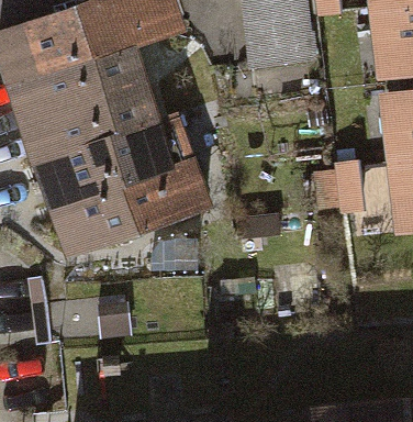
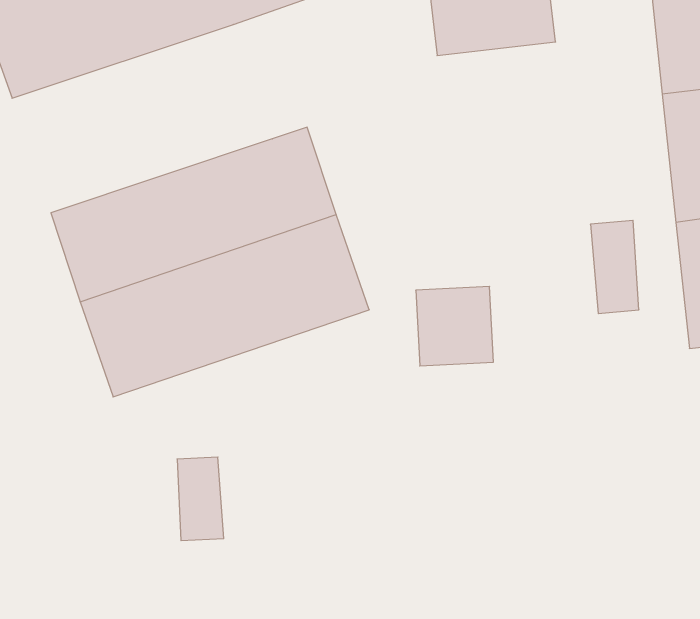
building: [8,48,155,155] -> none

